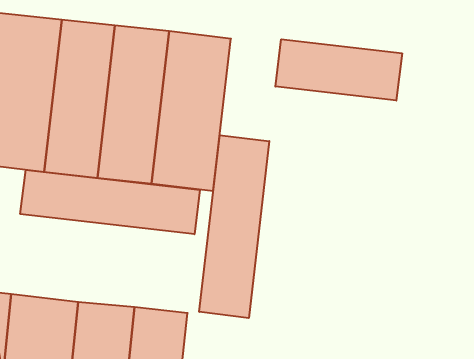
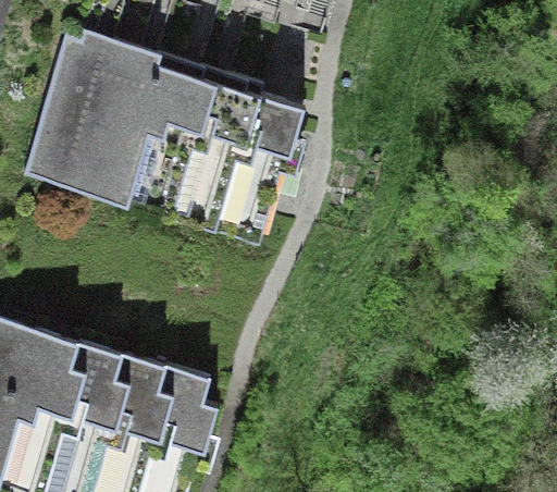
building: [275,39,402,101] -> none
building: [199,135,269,318] -> none
building: [20,170,200,234] -> none

